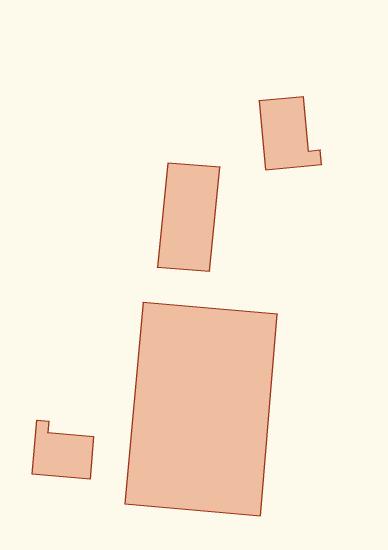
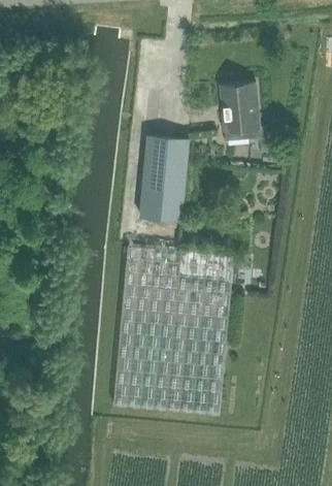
building: [32,420,94,479] -> none

